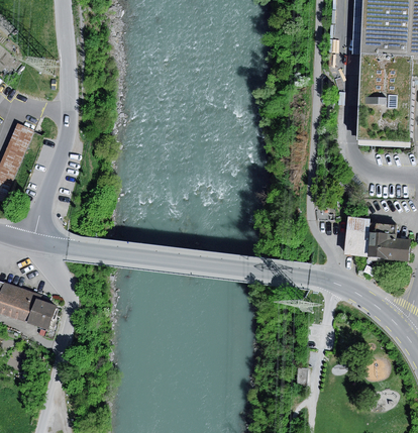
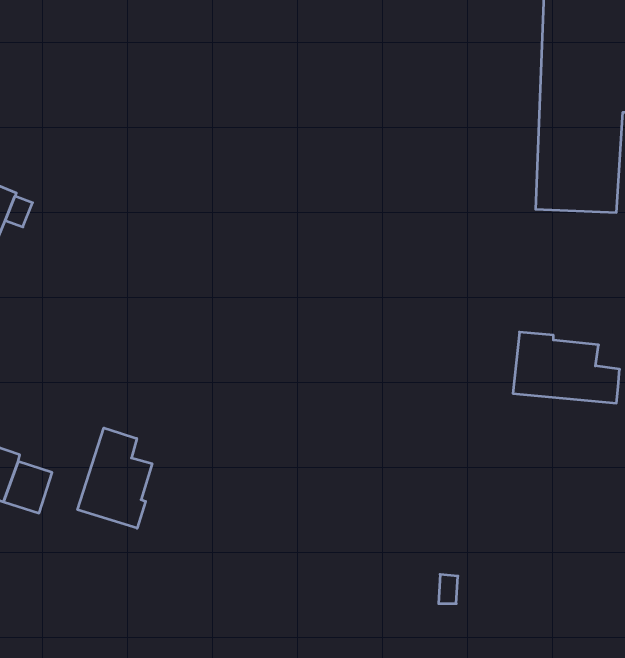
building: none -> [78,428,152,528]

